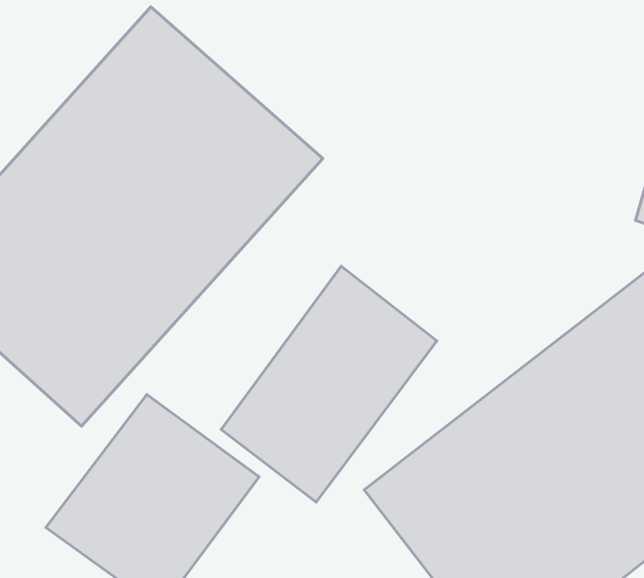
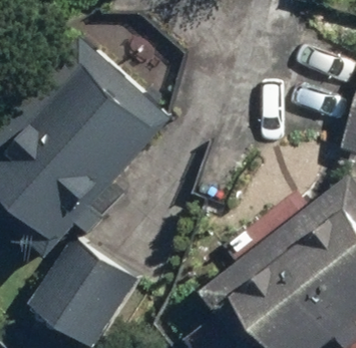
building: [221,266,437,502] -> none

